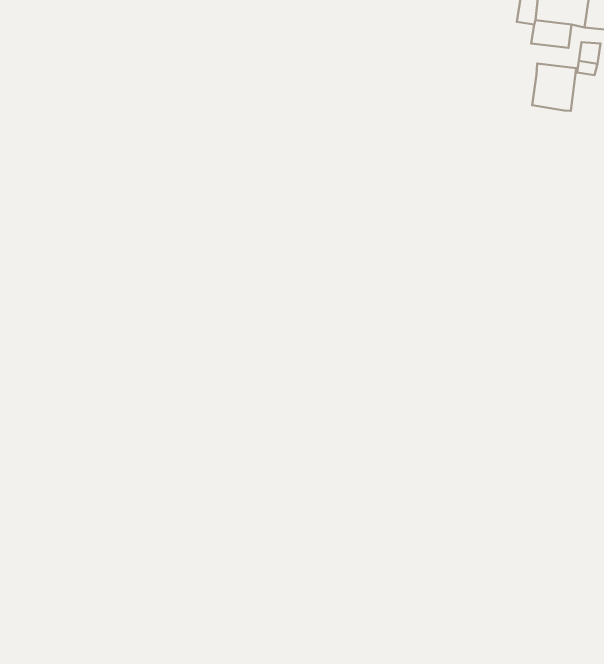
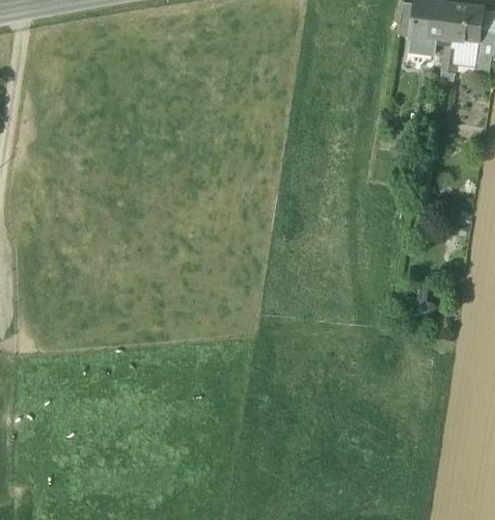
building: [532,63,576,111] -> none

